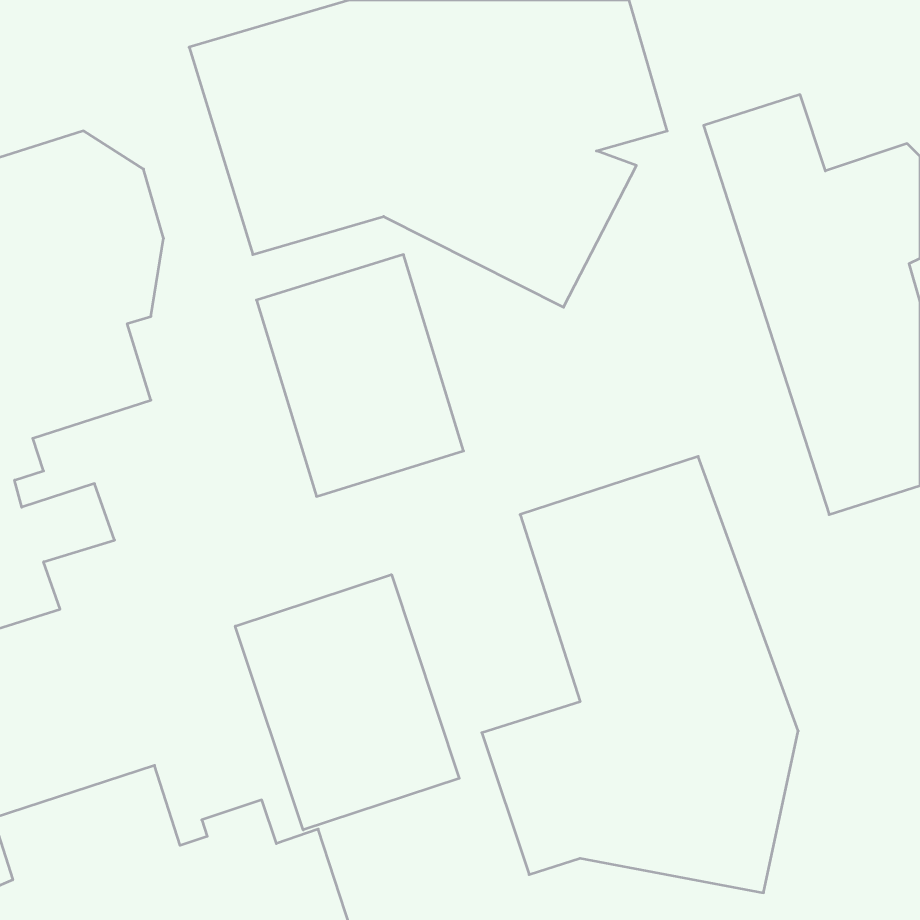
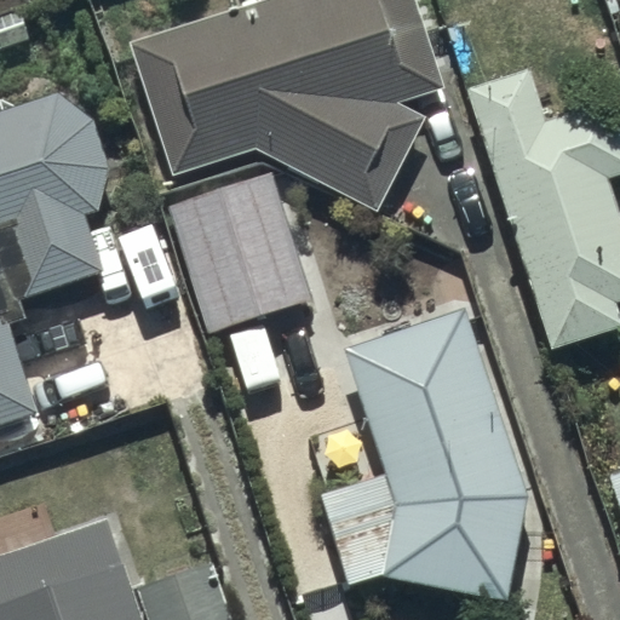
building: [235,575,459,830] -> none

